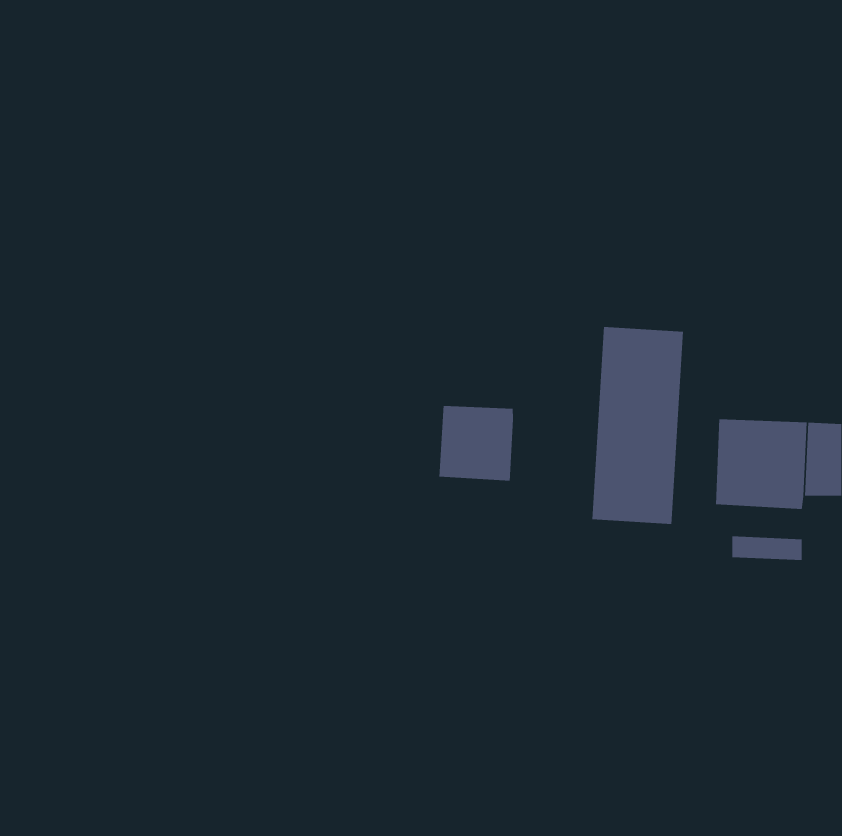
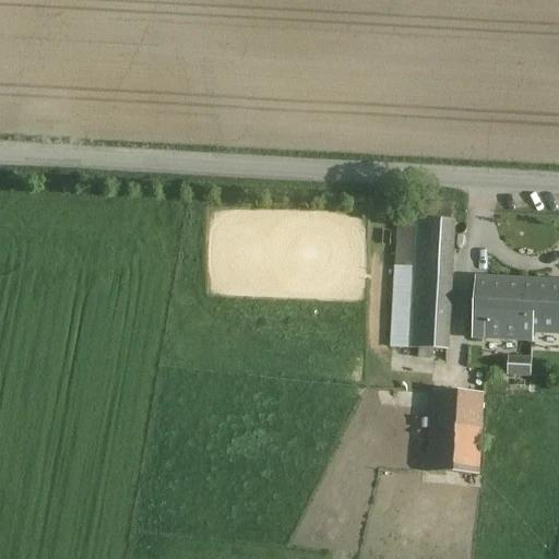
building: [439,405,514,481] -> none
building: none -> [429,389,484,473]

